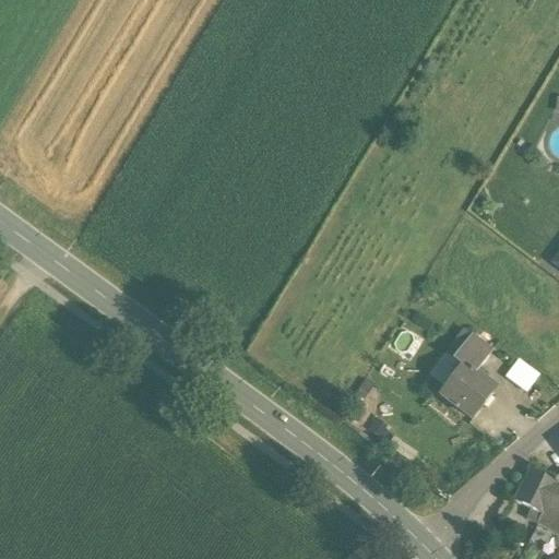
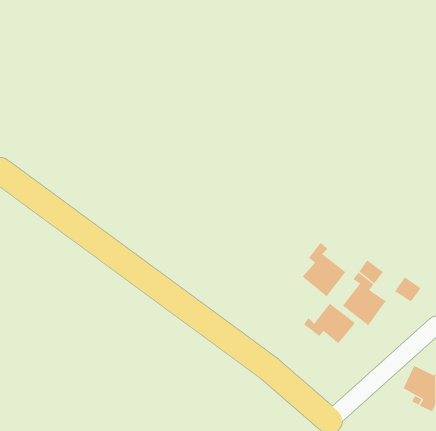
building: none -> [302,242,346,297]
building: none -> [303,303,356,344]

